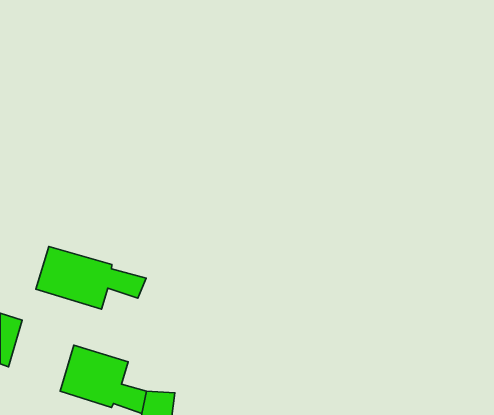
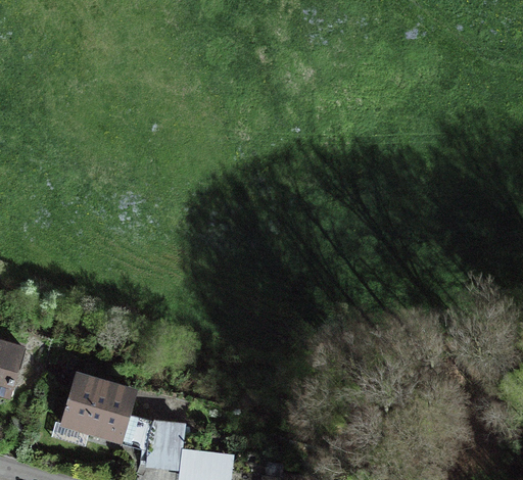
building: [36,246,146,309] -> none

